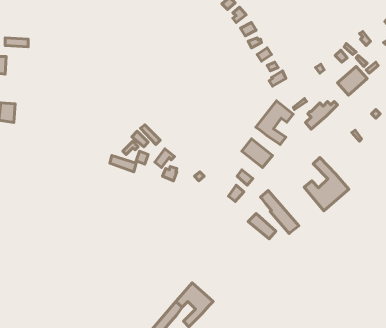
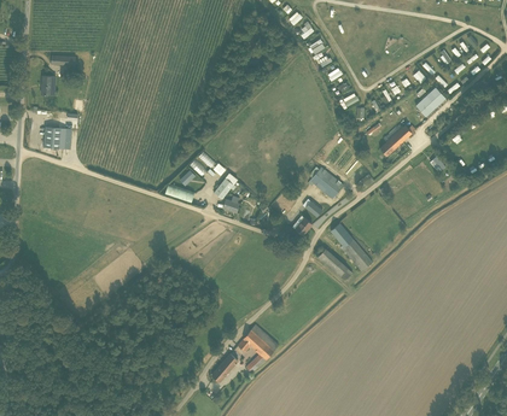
building: [256,101,293,145] -> none
building: [304,157,349,211] -> none

